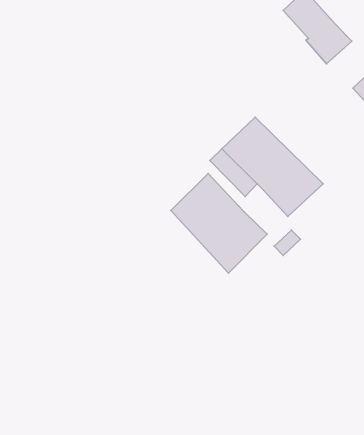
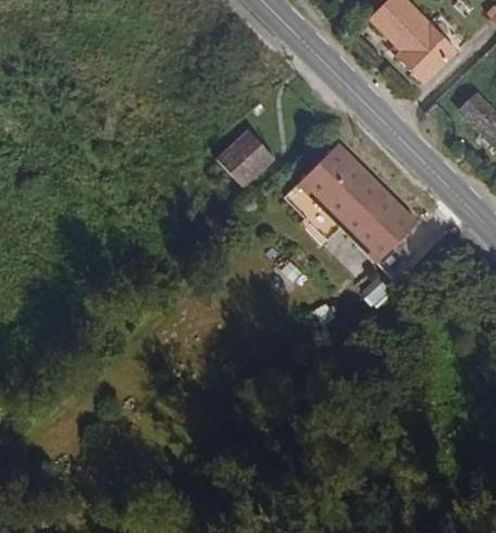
building: none -> [219,130,277,188]
building: [171,173,267,273] -> none

